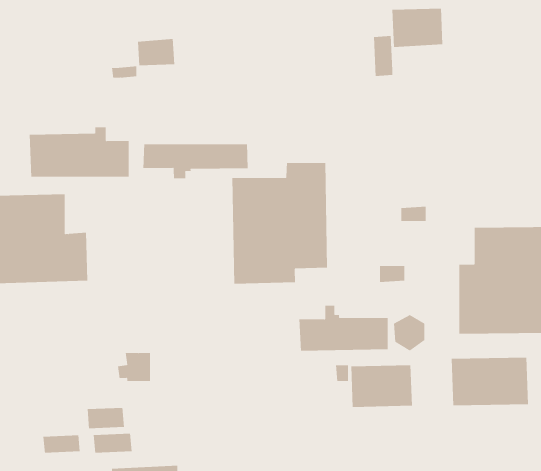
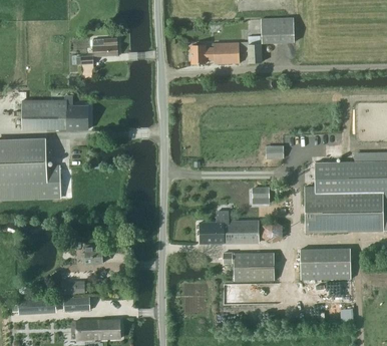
building: none -> [191,43,240,64]
building: [143,143,248,179] -> none
building: [232,162,327,285] -> none

